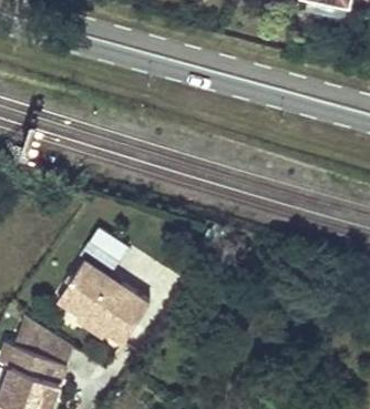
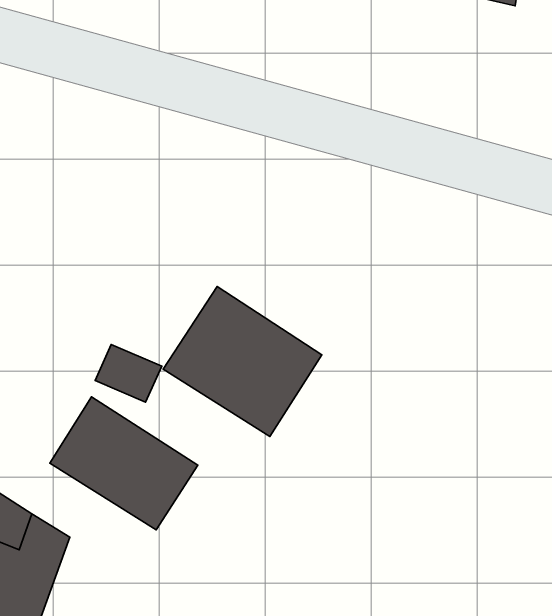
building: none -> [163,286,322,436]

